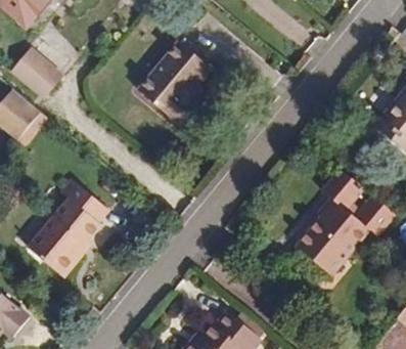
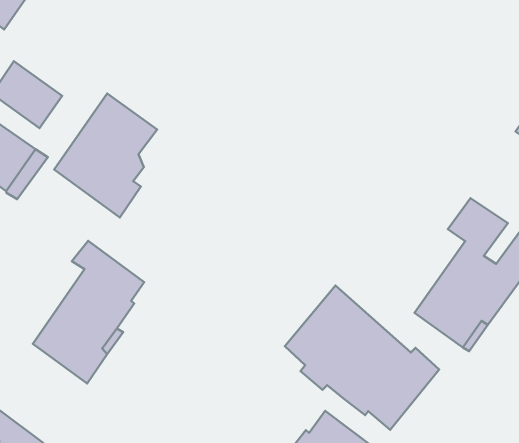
building: [139,43,213,130] -> [54,93,157,218]
building: none -> [285,285,439,430]

